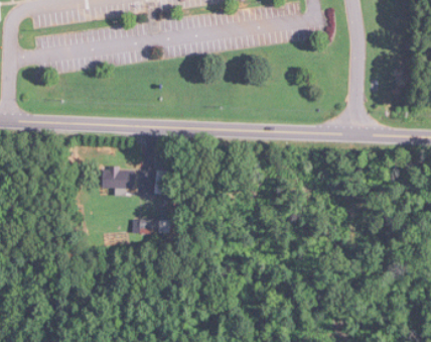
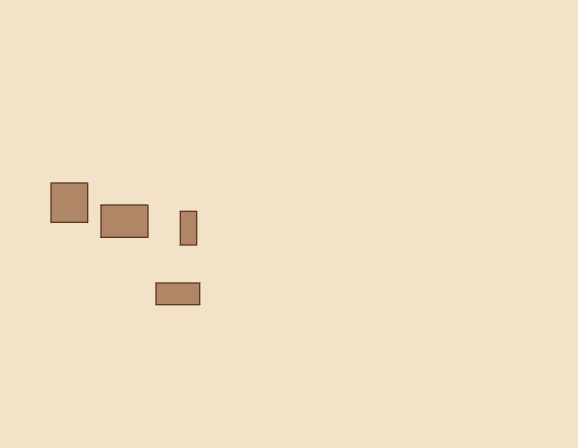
building: none -> [51,183,88,223]

